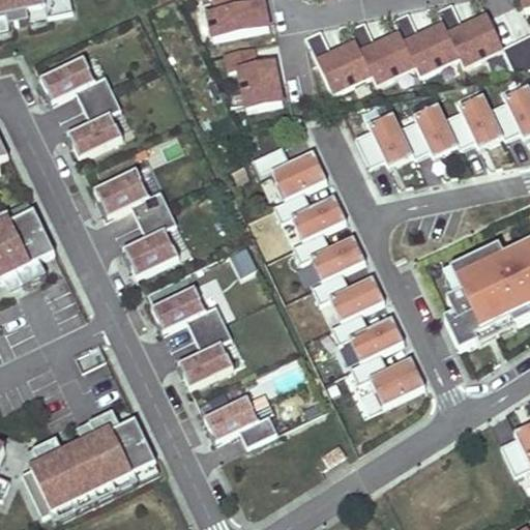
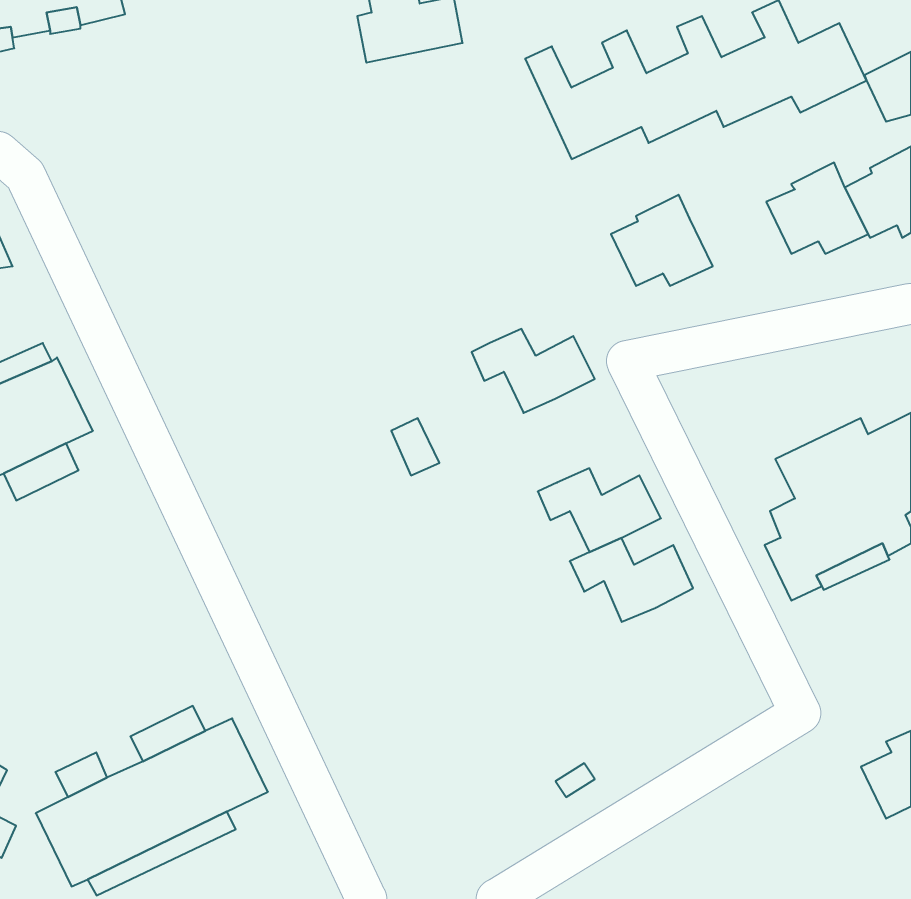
building: [225,43,282,108] -> none
building: [40,55,121,156] -> none
building: [400,104,458,156] -> none
building: [252,145,325,199] -> none
building: [93,167,178,275] -> none
building: [292,231,363,279] -> none
building: [151,285,232,386] -> none
building: [350,352,423,405] -> none
building: [204,394,276,445] -> none

